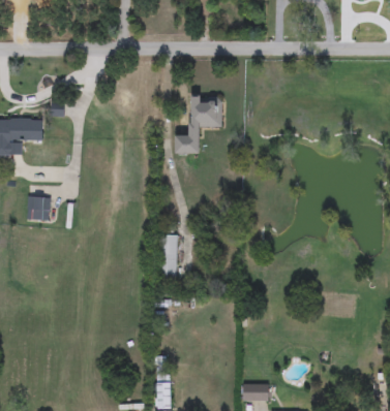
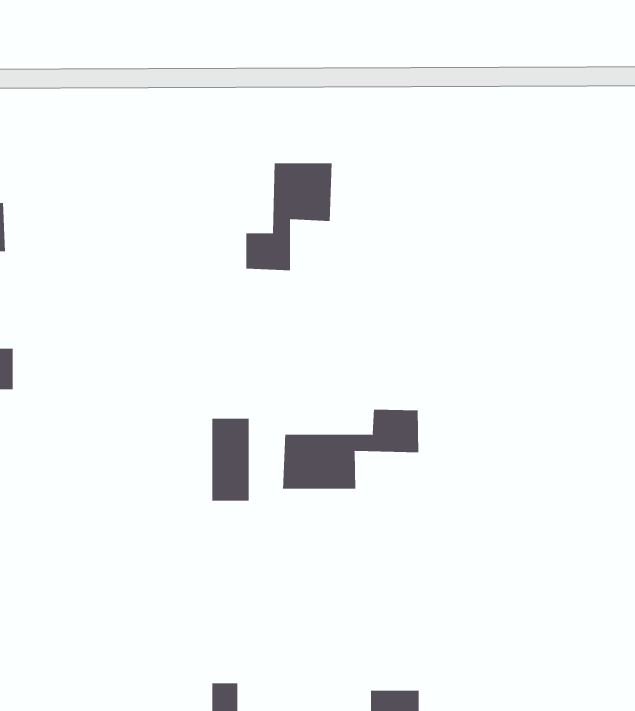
building: none -> [283,409,419,489]

